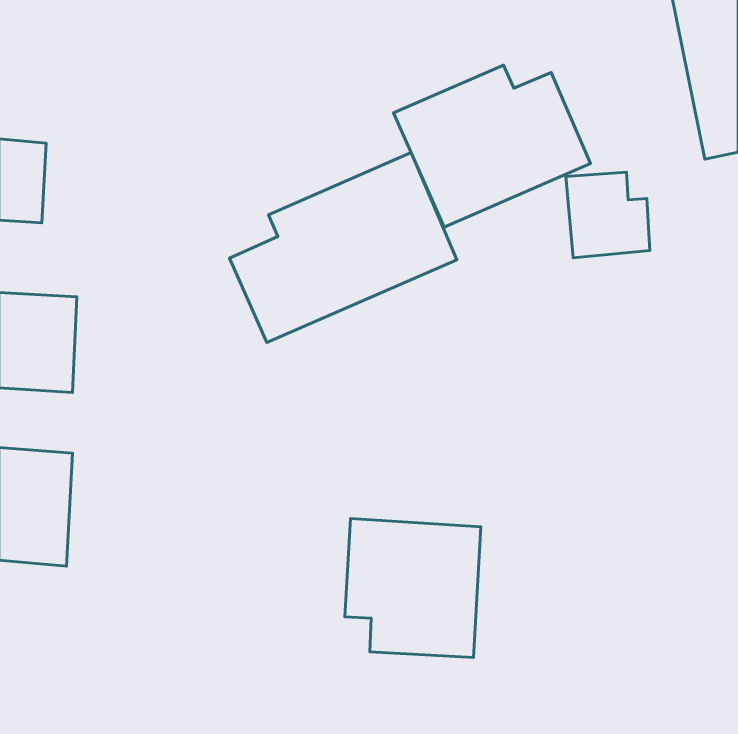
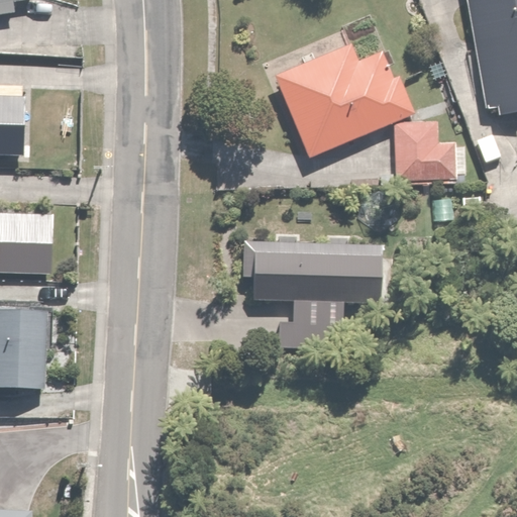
building: [229,153,457,342] -> none
building: none -> [243,232,367,350]
building: [345,519,481,657] -> none

